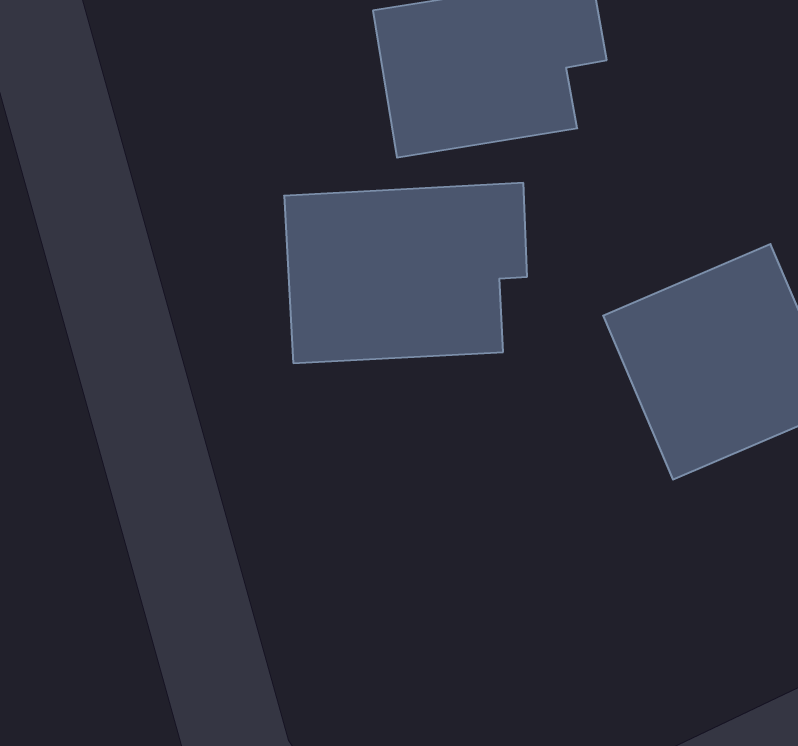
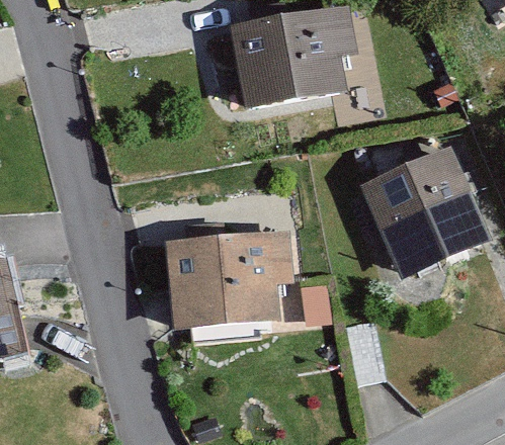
building: [284,183,527,363] -> [162,229,296,328]

